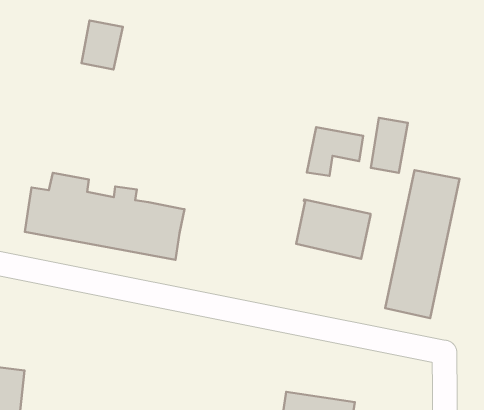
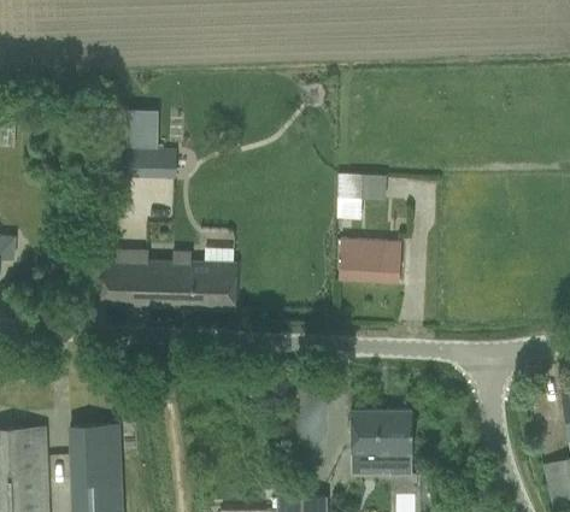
building: none -> [122,152,176,181]
building: [371,118,408,173] -> none
building: [385,170,460,318] -> none

